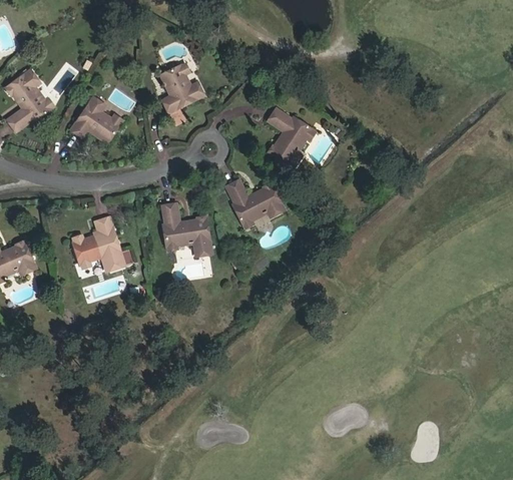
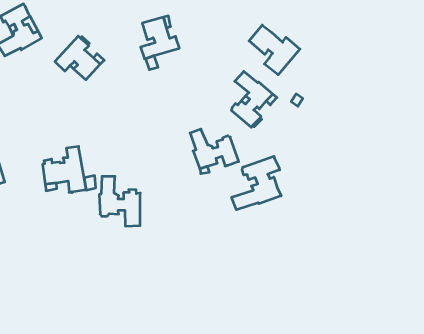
building: none -> [249,25,300,75]
building: none -> [232,156,281,210]
building: [163,203,212,256] -> [99,176,140,226]

